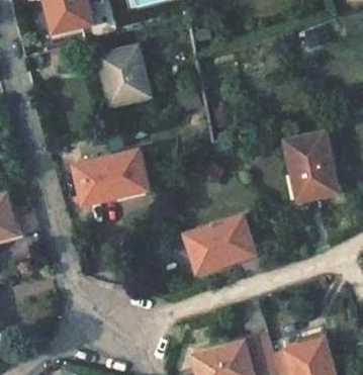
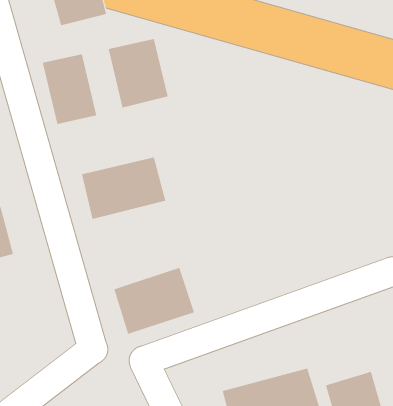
building: none -> [42,53,97,125]
building: [285,132,338,202] -> none
building: [183,216,254,275] -> [114,267,195,334]

